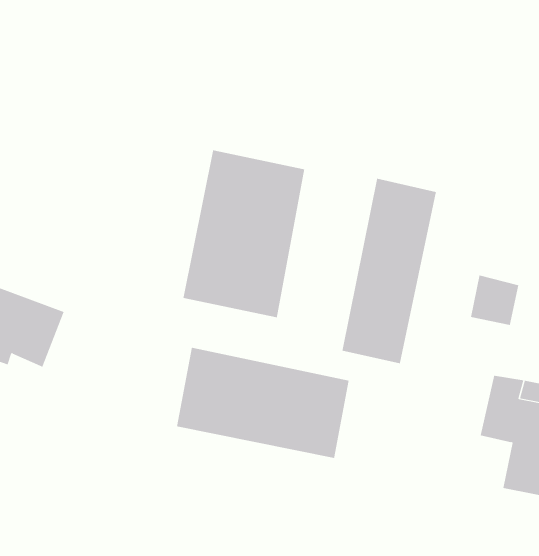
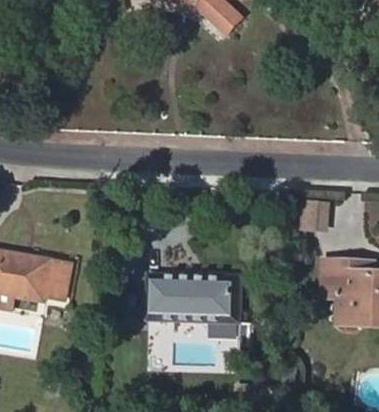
building: [183,150,305,318] -> none
building: [342,178,437,364] -> none

